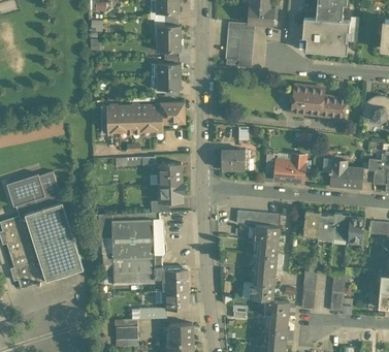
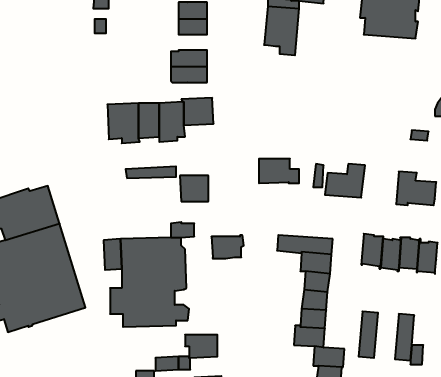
building: [290,85,345,118] -> none
building: [158,183,184,201] -> [211,235,244,259]
building: [162,267,188,290] -> none

